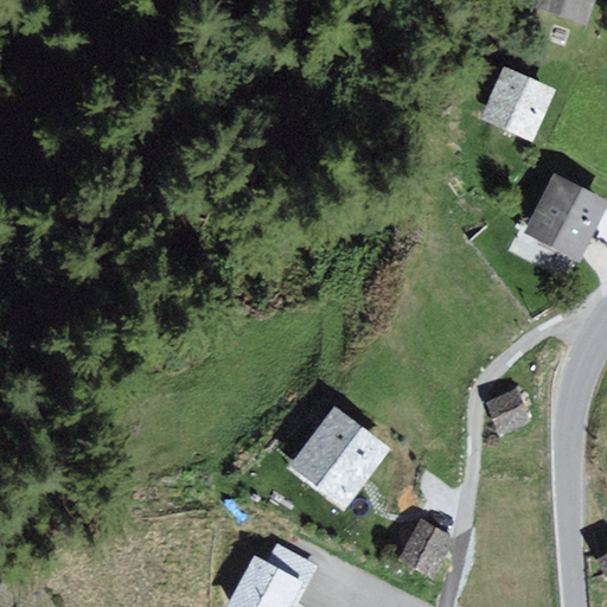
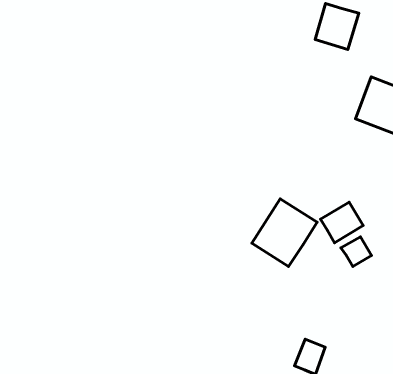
building: none -> [320,202,363,243]
building: [293,410,385,504] -> [252,199,317,266]

